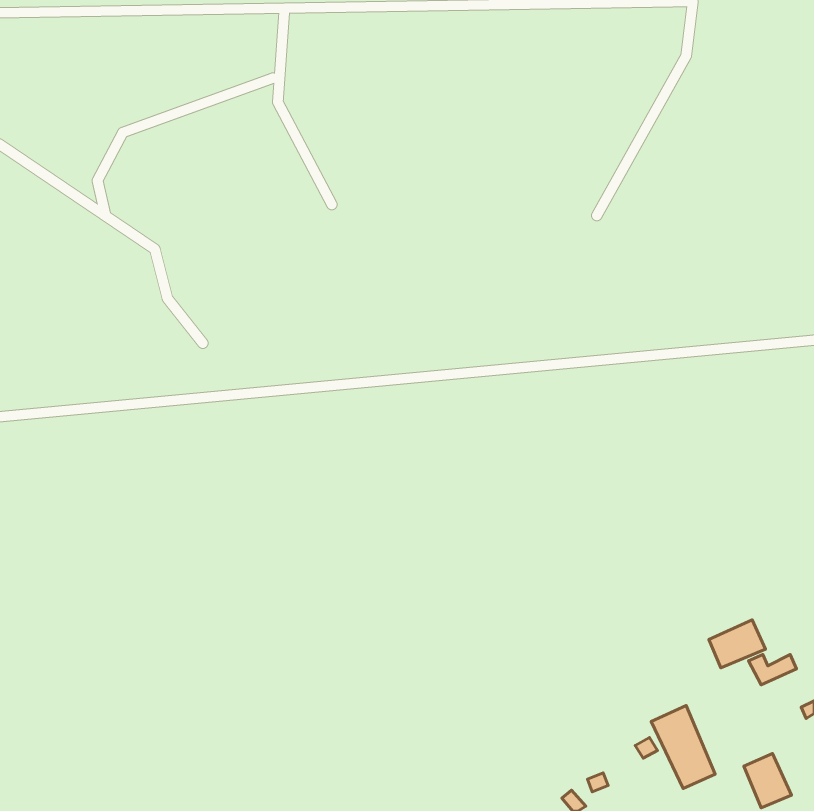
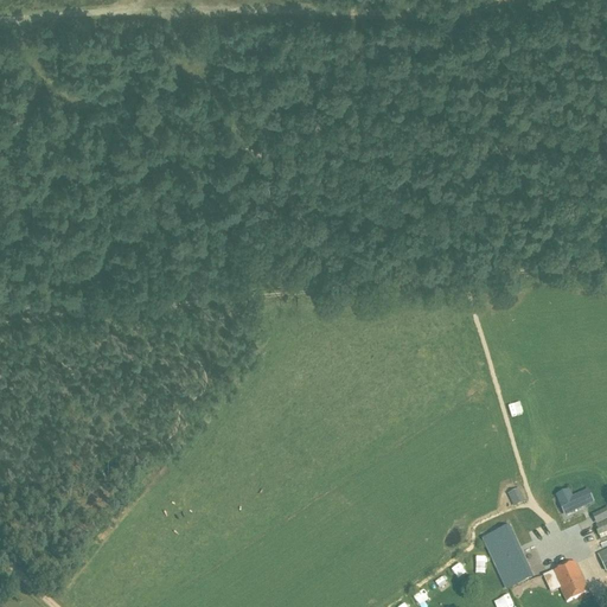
building: [709,620,766,668] -> none

